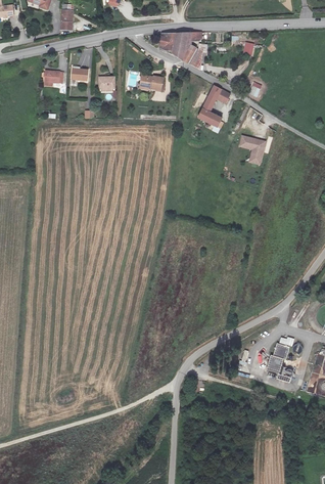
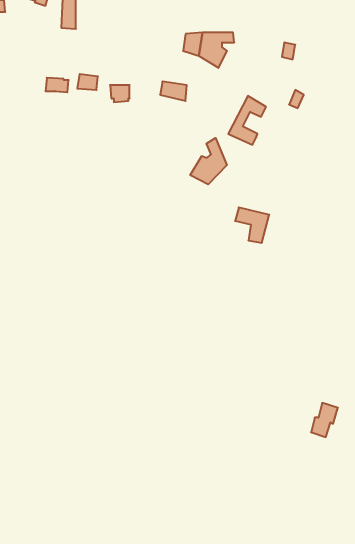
building: none -> [190,138,227,184]
building: [238,134,267,164] -> [235,207,269,243]

